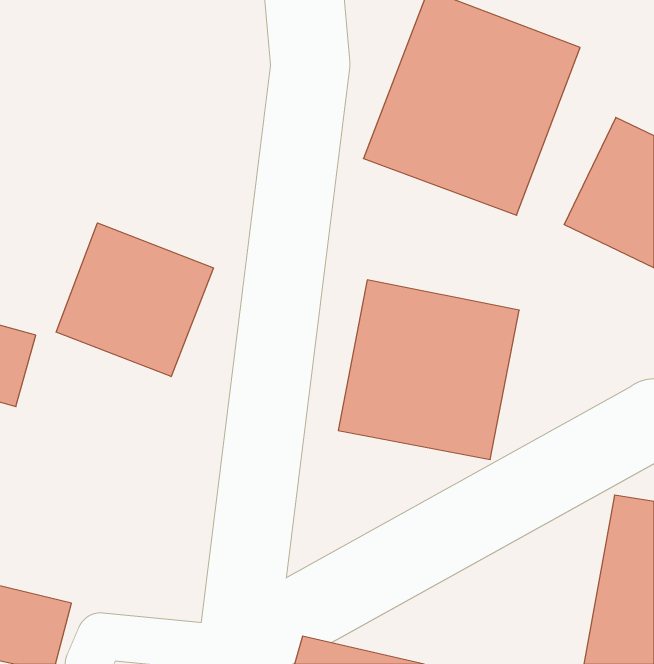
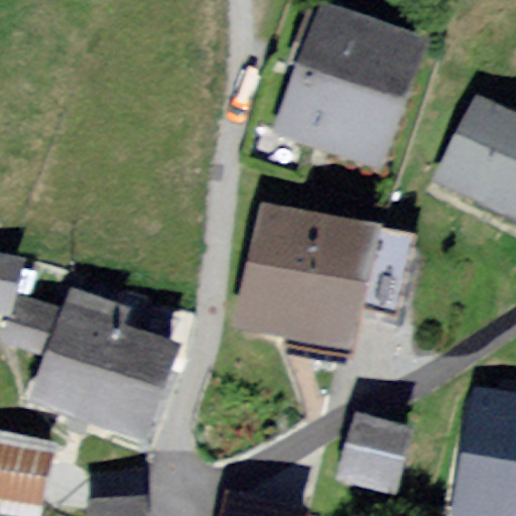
building: [56,223,214,377] -> none
building: none -> [35,311,174,442]
building: none -> [346,414,429,497]

